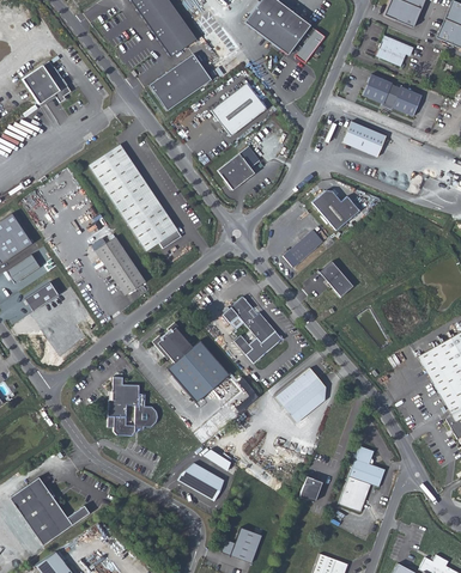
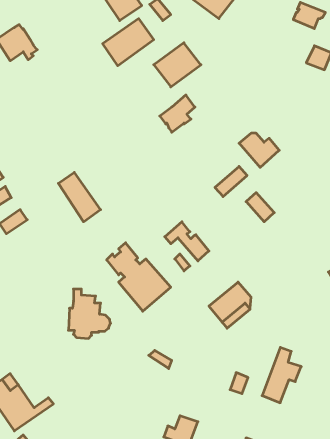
building: [363,74,392,104] -> none
building: [342,122,387,157] -> none
building: [90,145,182,251] -> none
building: [177,463,224,501] -> none

